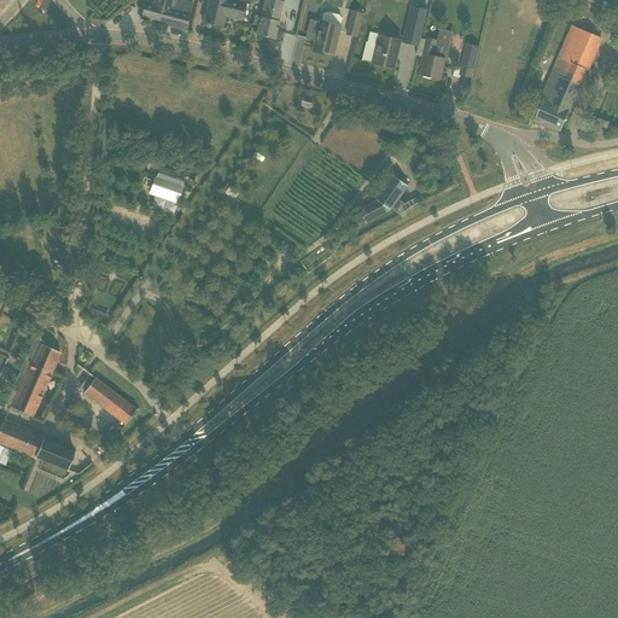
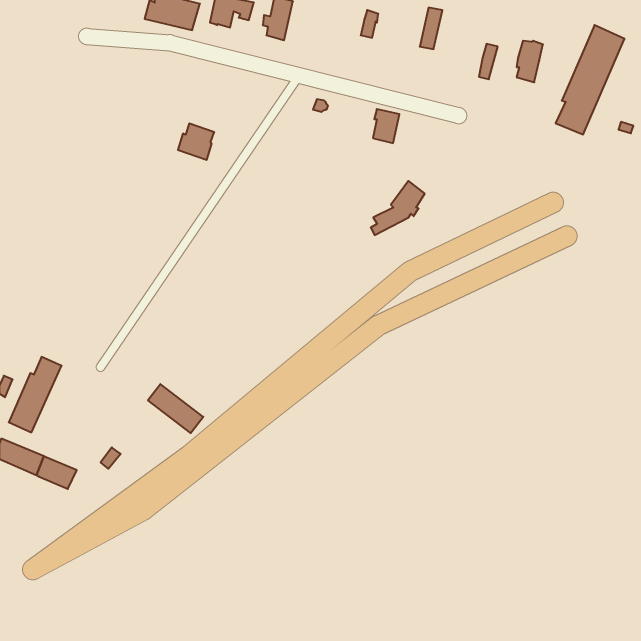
building: [313,11,342,53] -> none
building: [374,35,400,68] -> [373,109,399,143]
building: [421,39,447,78] -> [517,41,543,82]
building: [148,167,183,202] -> [178,123,214,160]
building: [82,377,135,424] -> [148,384,203,433]

